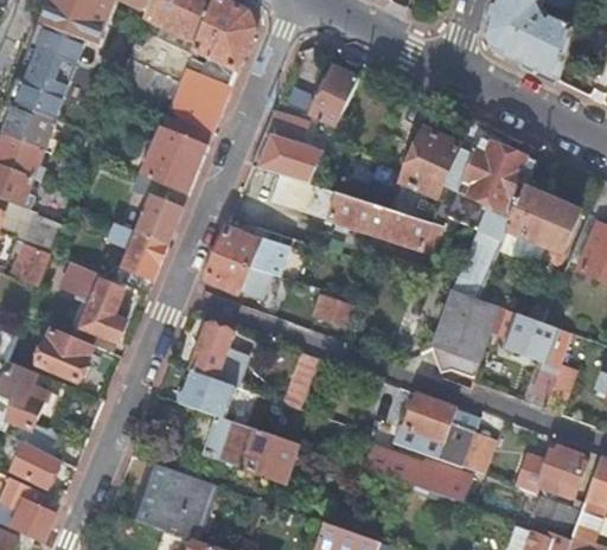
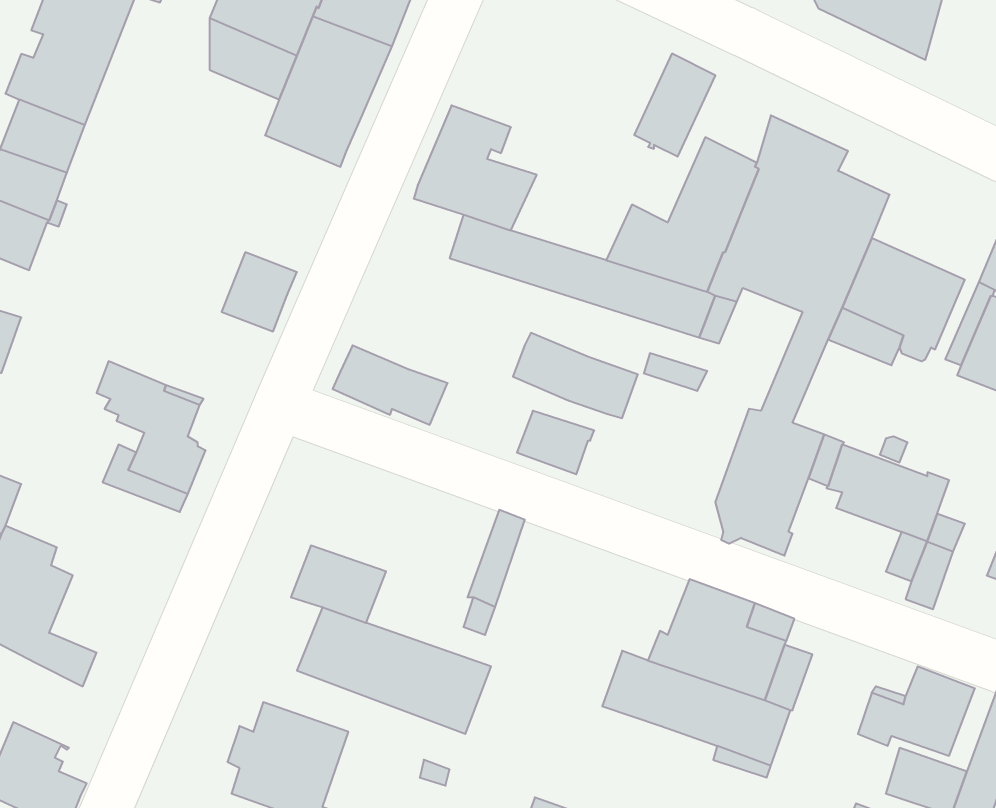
building: [309,64,358,126] -> [634,54,715,157]
building: [139,124,207,193] -> none
building: [9,211,62,284] -> none
building: [106,222,167,279] -> none
building: [215,225,289,276] -> [513,333,638,418]
building: [190,324,247,386] -> none
building: [36,328,91,380] -> none
building: [9,441,62,488] -> none

